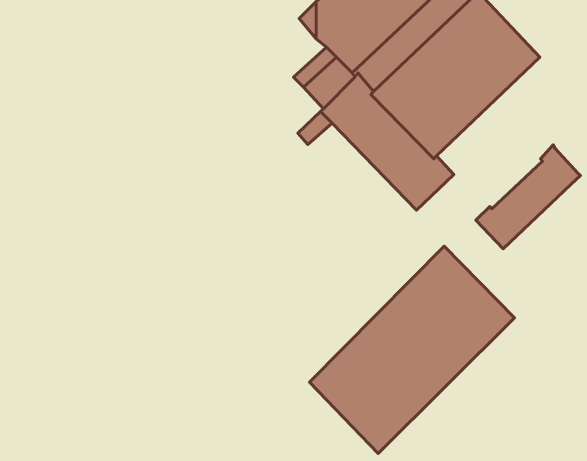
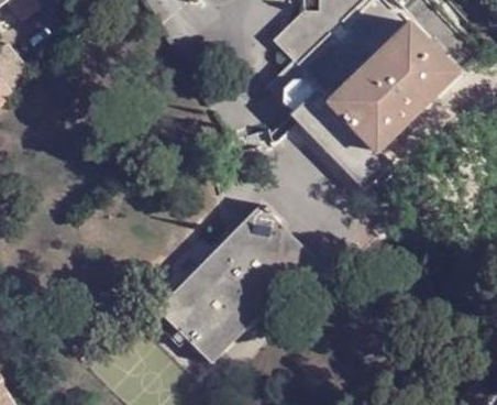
building: [476,145,580,249] -> none
building: [310,246,514,454] -> [156,205,313,364]

